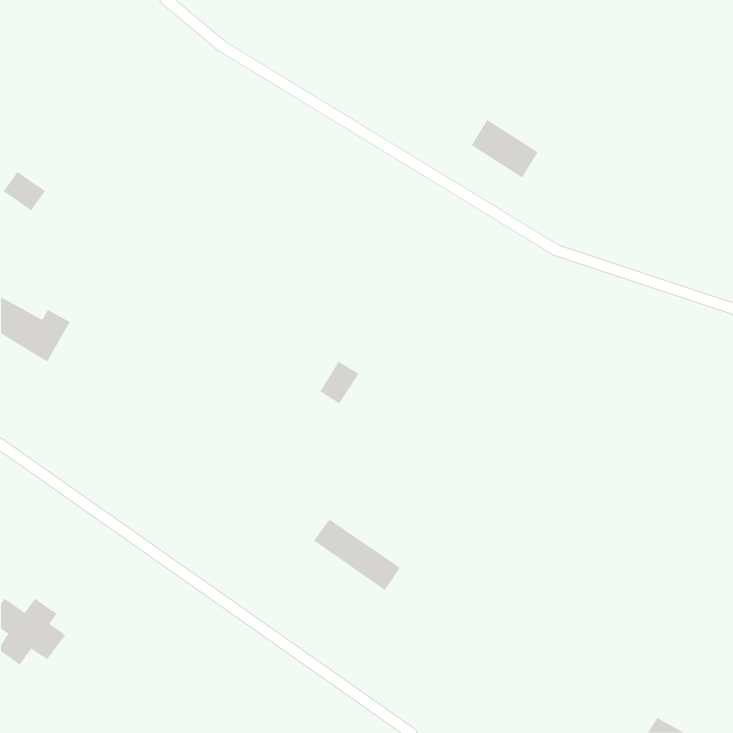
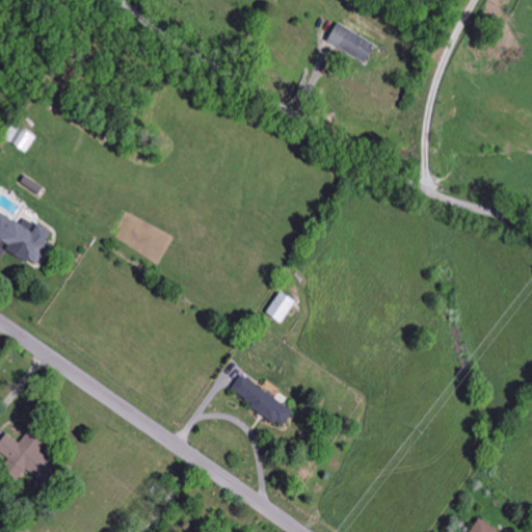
building: [471,119,538,178] -> [325,21,374,63]
building: [319,361,360,404] -> [265,292,294,323]

